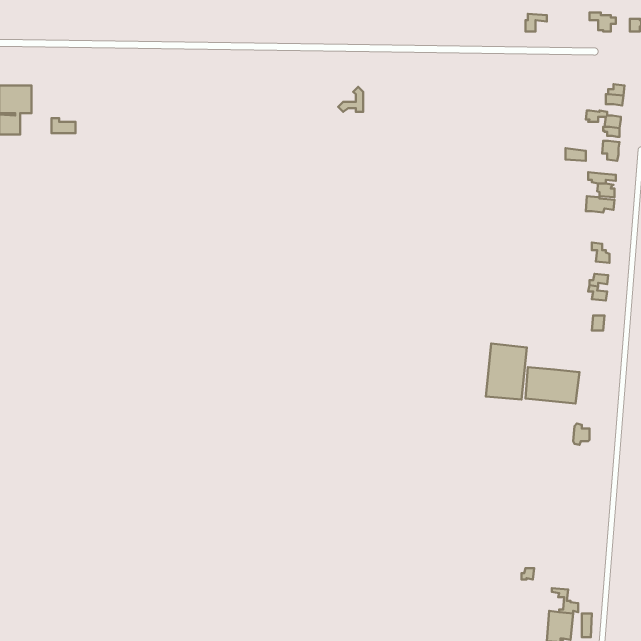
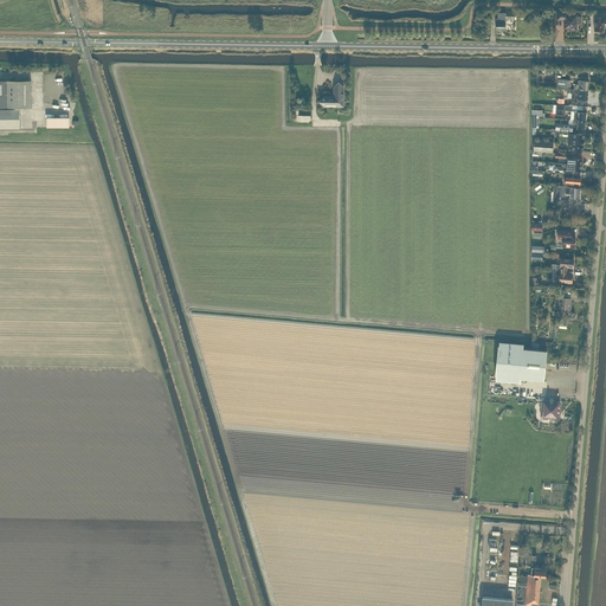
building: [486,343,527,399] -> none

